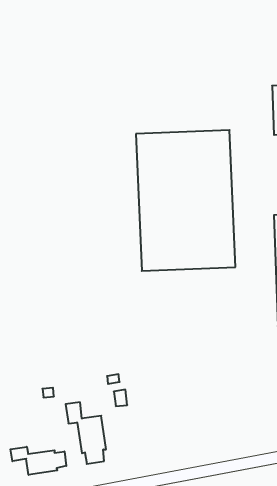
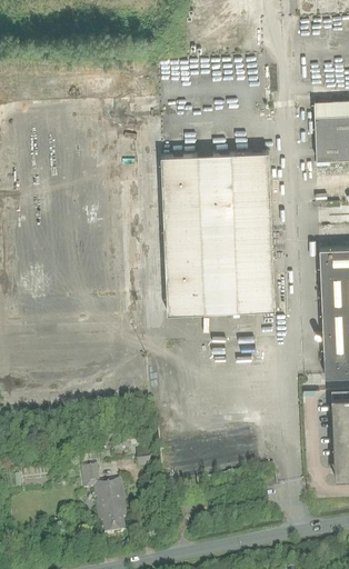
building: [10,447,66,475] -> none

